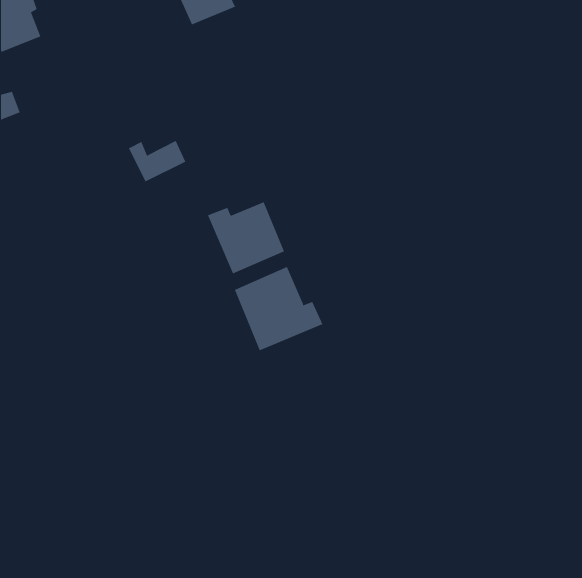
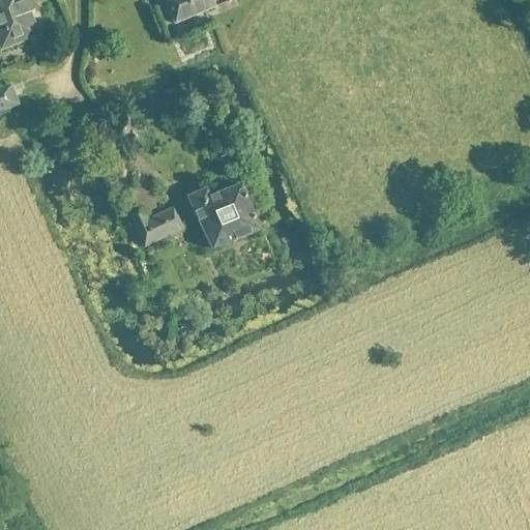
building: [128,140,186,182] -> [129,207,182,245]
building: [234,266,323,351] -> none

